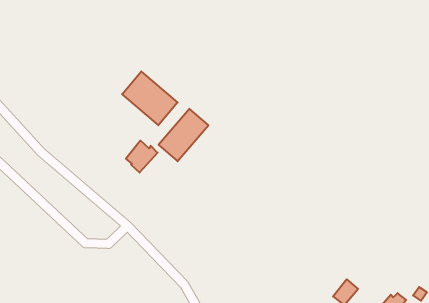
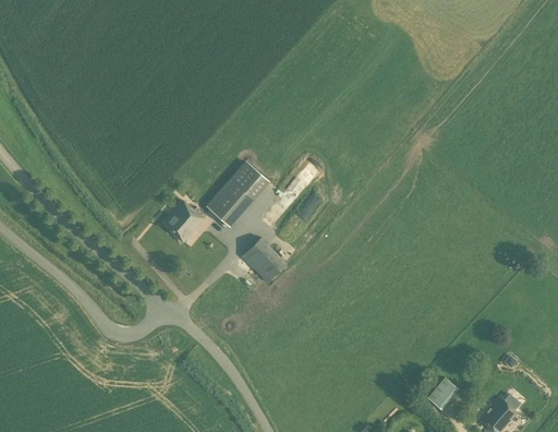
building: [122,71,178,125] -> none
building: none -> [242,238,286,283]

